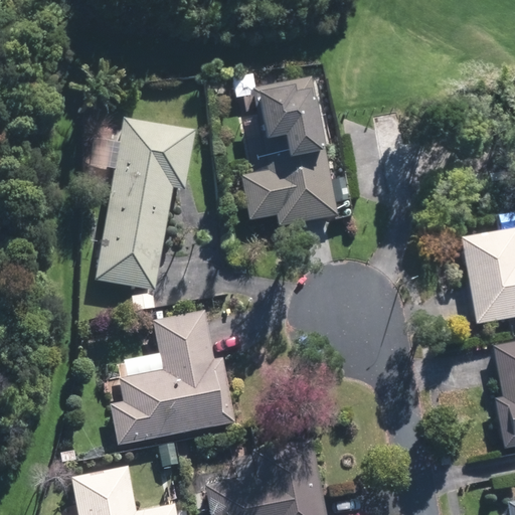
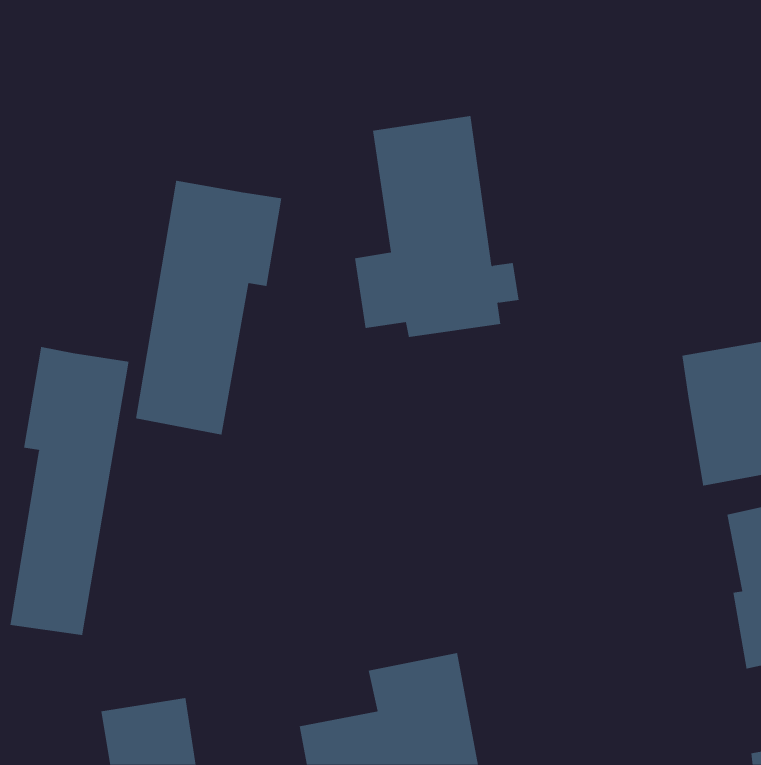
building: none -> [10,346,129,636]
building: [111,313,251,446] -> none

